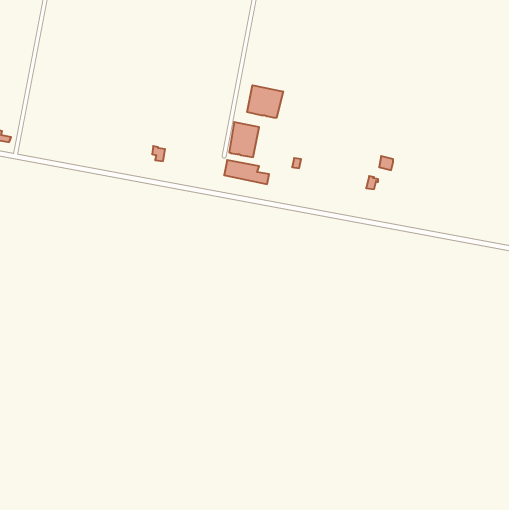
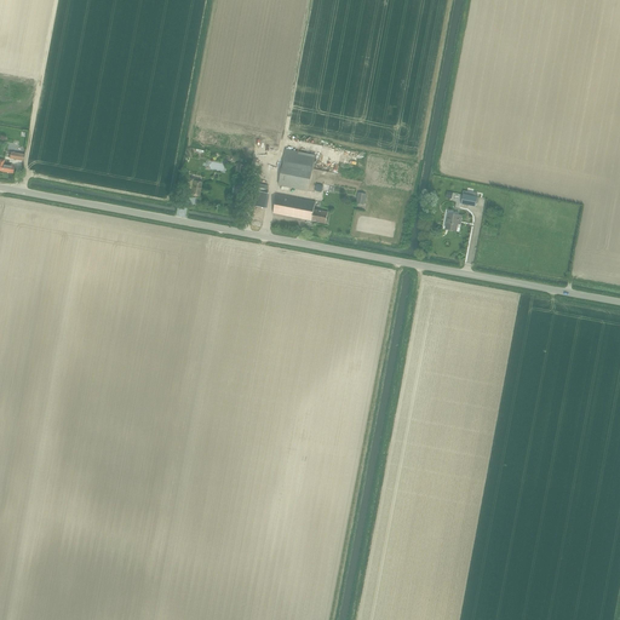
building: [247,85,283,118] -> none

